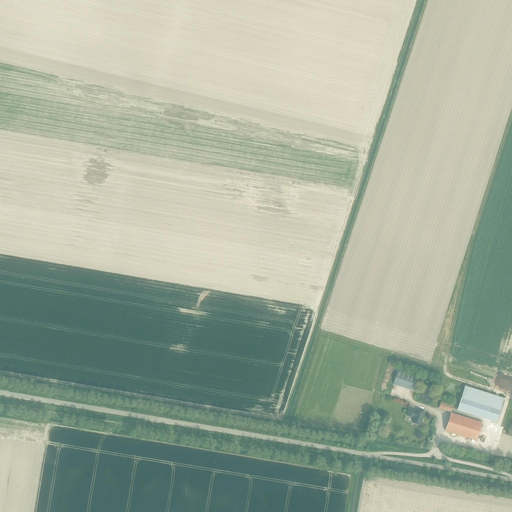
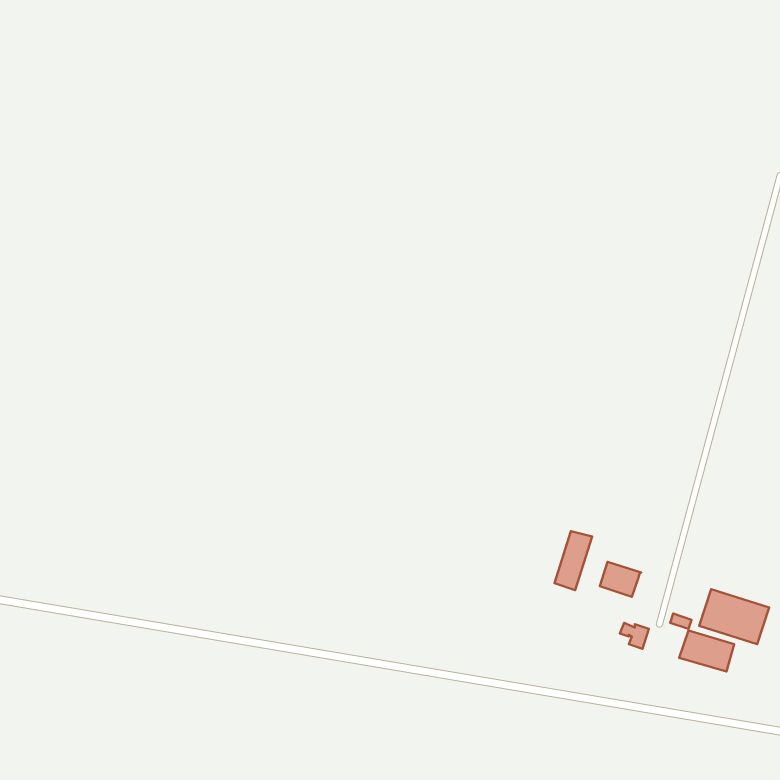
building: none -> [555,531,592,590]

